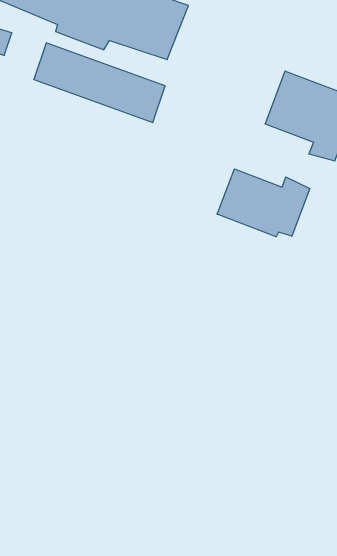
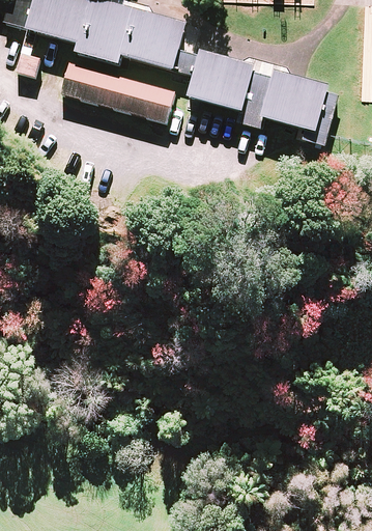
building: none -> [185,49,251,110]
building: [217,169,310,237] -> none

